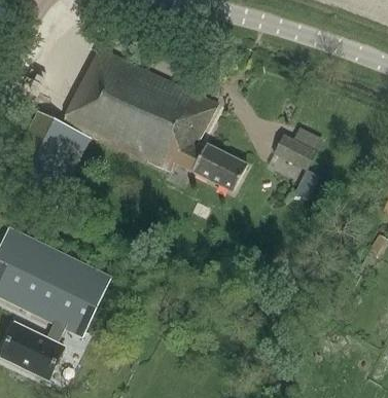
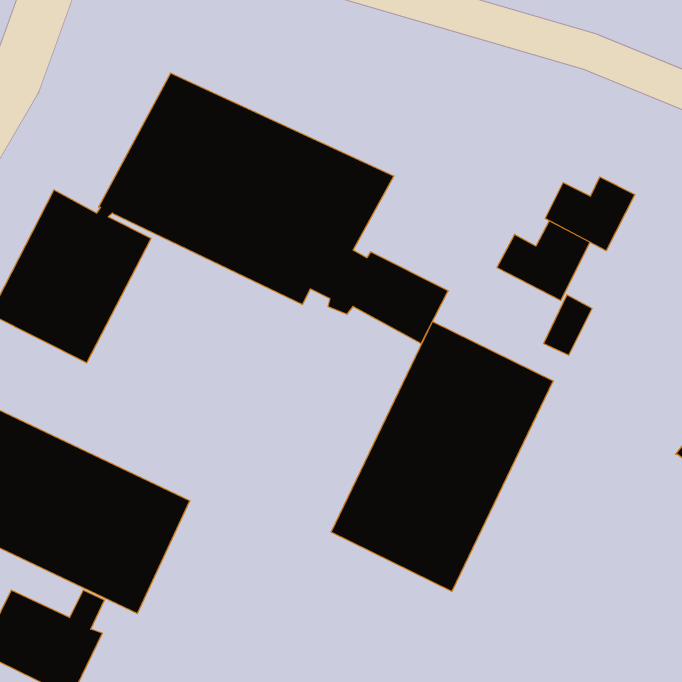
building: none -> [545,177,635,251]
building: none -> [331,322,553,591]

